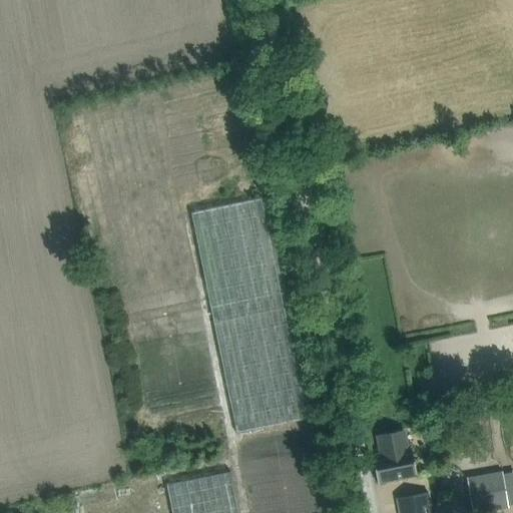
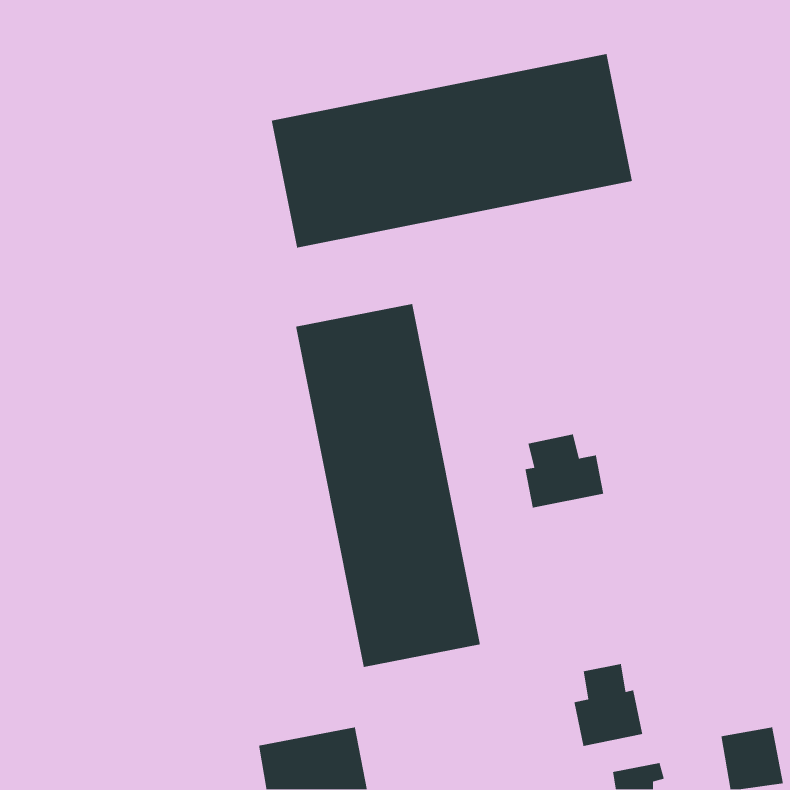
building: none -> [271,53,633,248]
building: none -> [524,434,604,508]

